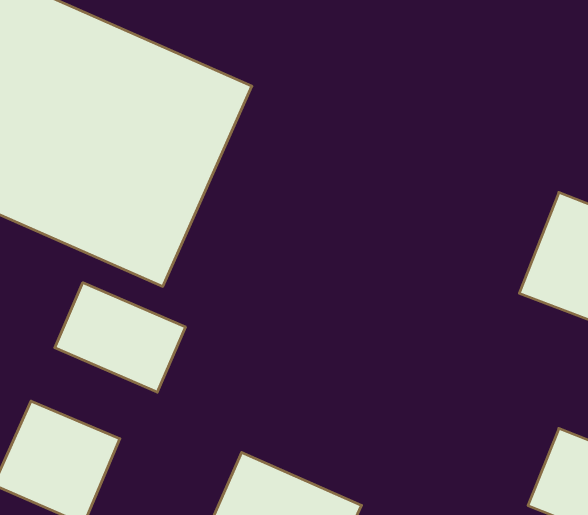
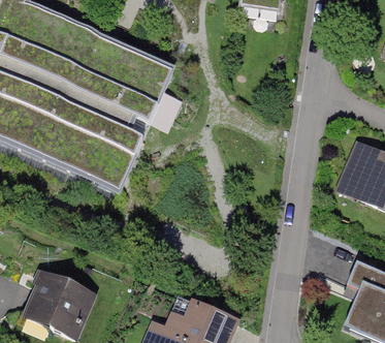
building: [55,283,185,392] -> none

